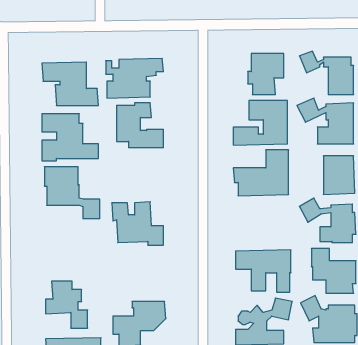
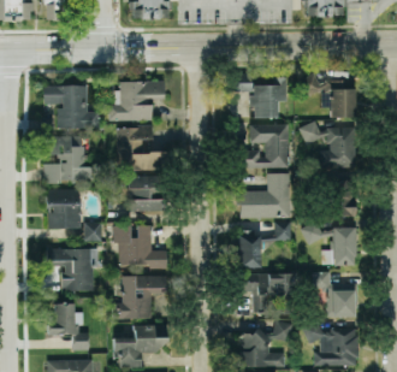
building: none -> [112,175,166,212]
building: none -> [238,220,291,266]
building: none -> [47,247,102,290]
building: none -> [113,274,167,319]

